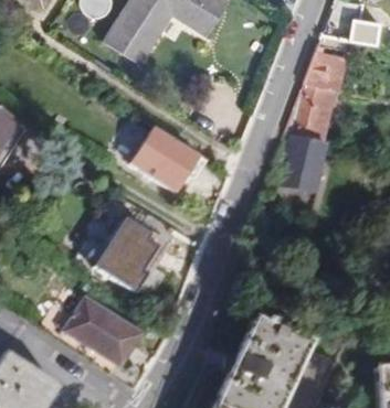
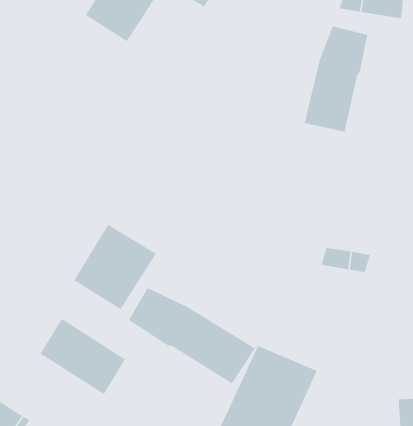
building: [133,126,208,191] -> none
building: [277,132,328,208] -> none
building: none -> [128,287,256,385]

